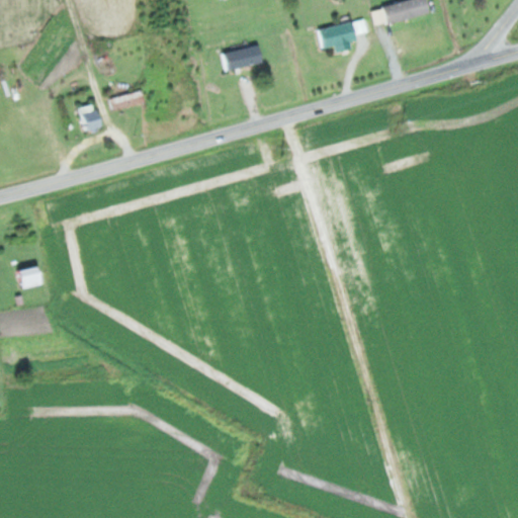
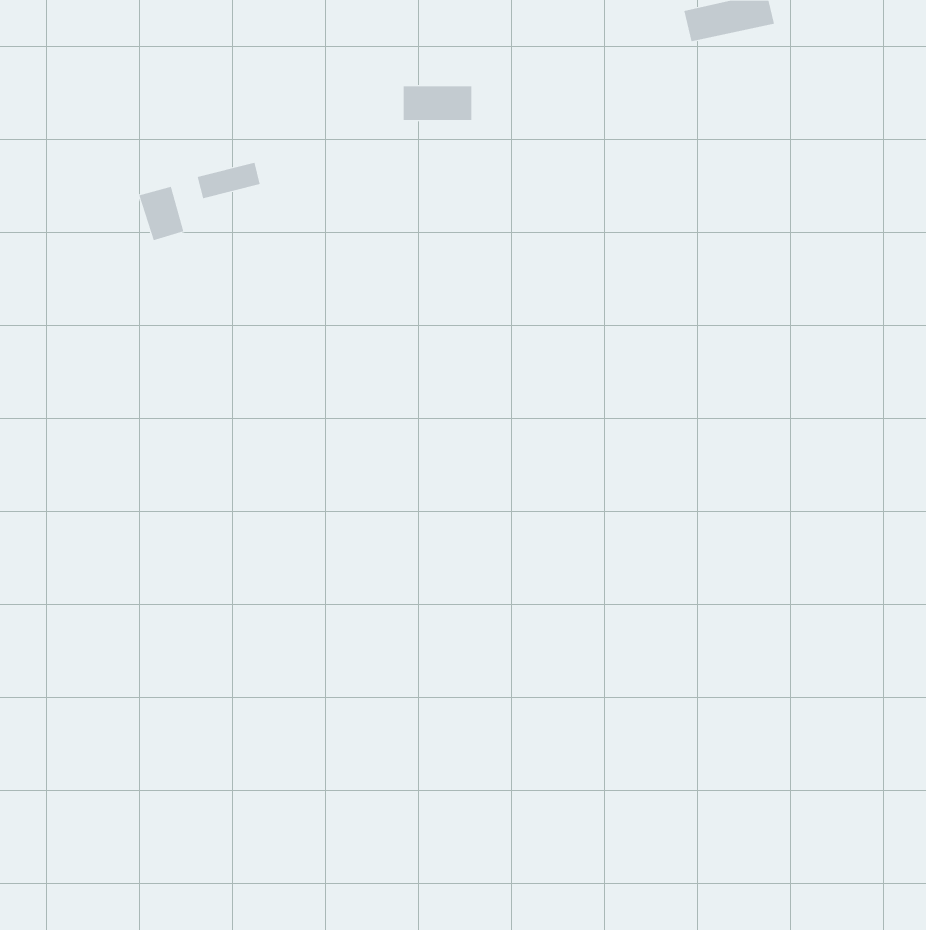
building: [317,21,358,50] -> none
building: [21,268,44,287] -> none

